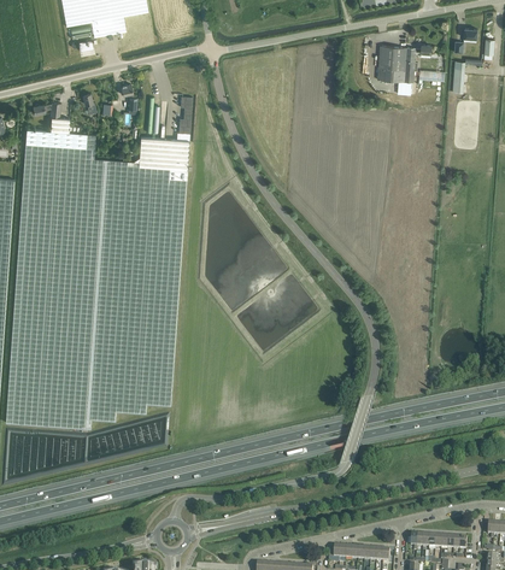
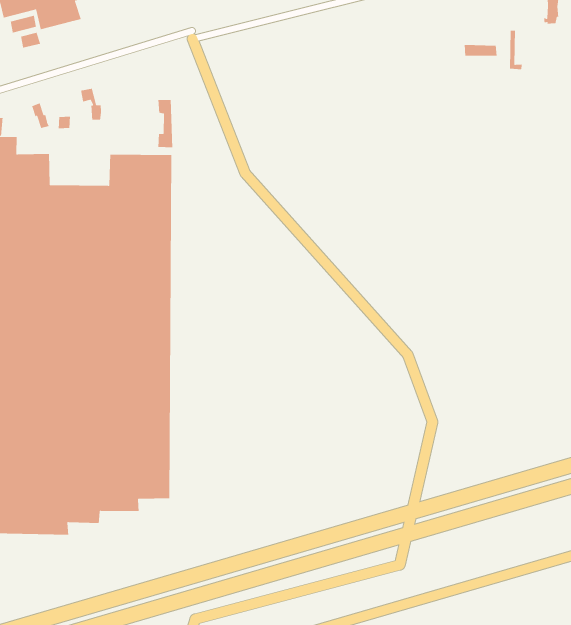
building: [377,45,430,84] -> none

